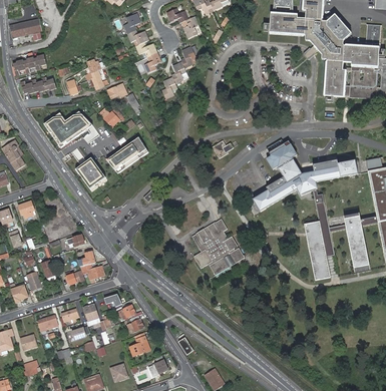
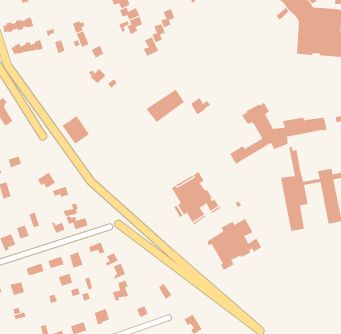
building: [43,110,92,147] -> none
building: [106,137,147,173] -> [146,89,185,123]
building: none -> [206,218,262,271]

